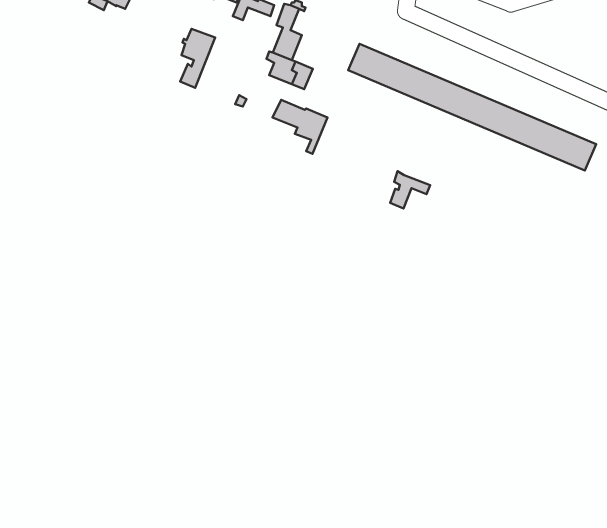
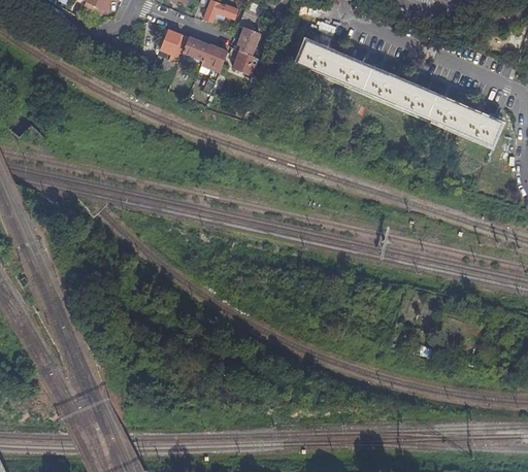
building: [272,100,328,154] -> [183,37,228,81]
building: [390,171,430,209] -> none

